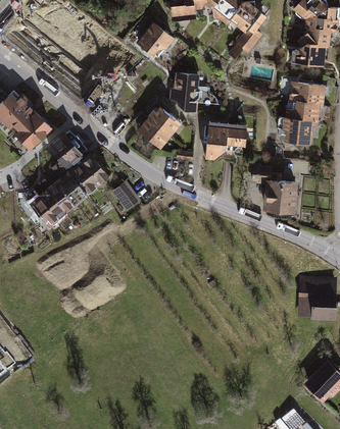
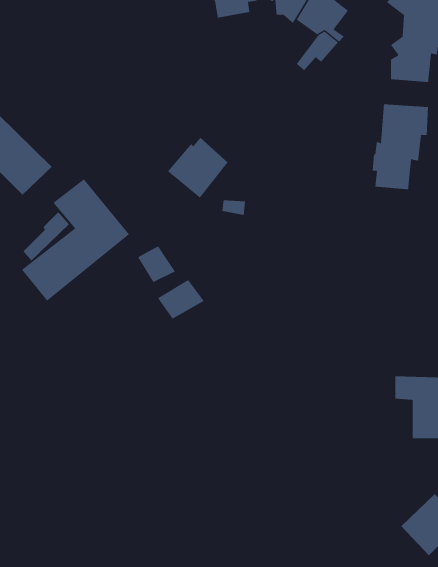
building: [135,21,175,56] -> none
building: [167,72,200,113] -> none
building: [204,121,247,161] -> none
building: [251,165,297,213] -> none
building: none -> [157,279,205,319]

